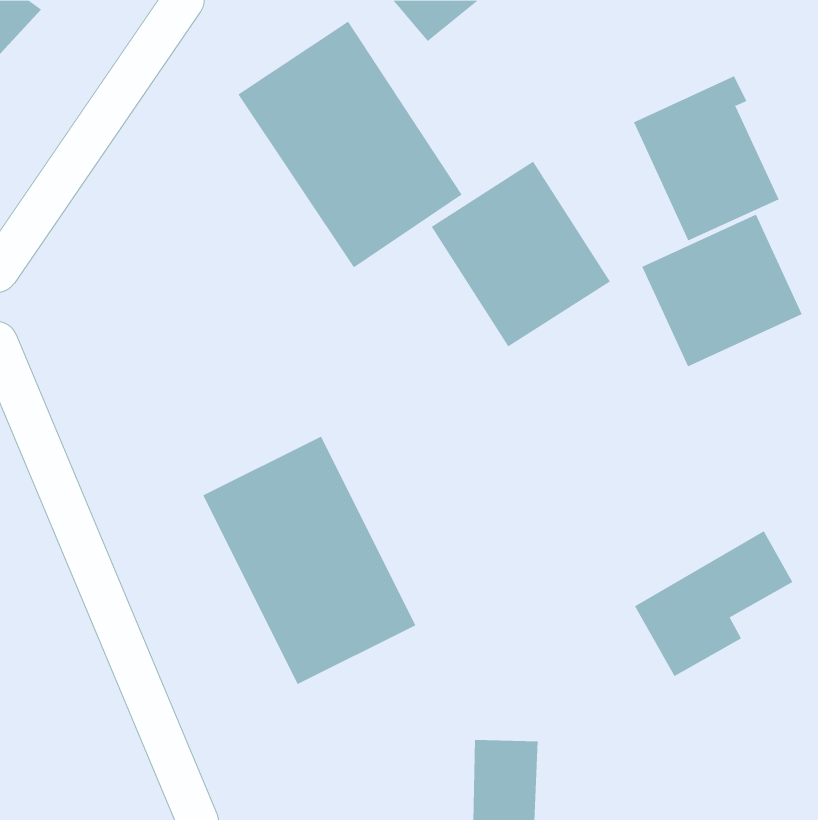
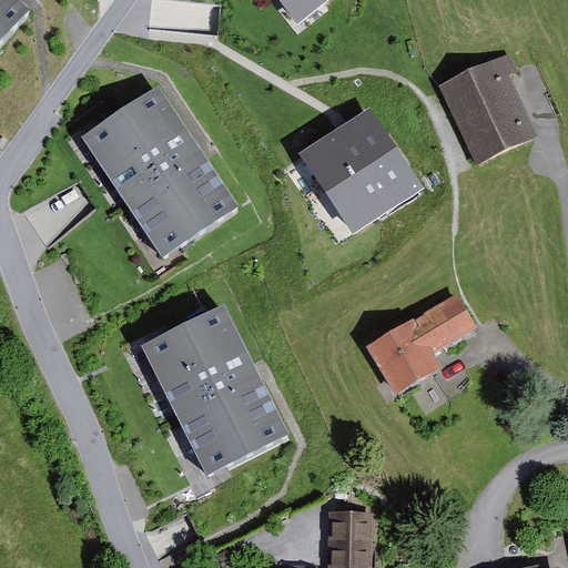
building: [238,21,463,268] -> [81,83,236,254]
building: [642,214,802,367] -> none
building: [634,531,793,677] -> [366,292,476,393]

